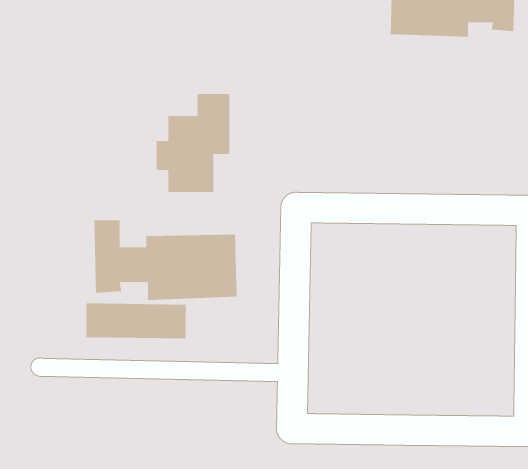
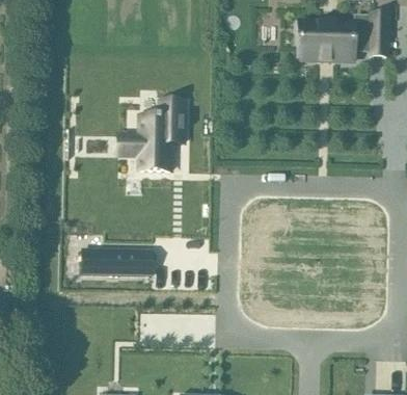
building: [94,219,237,301] -> none

